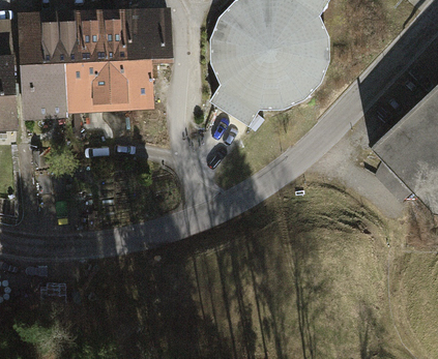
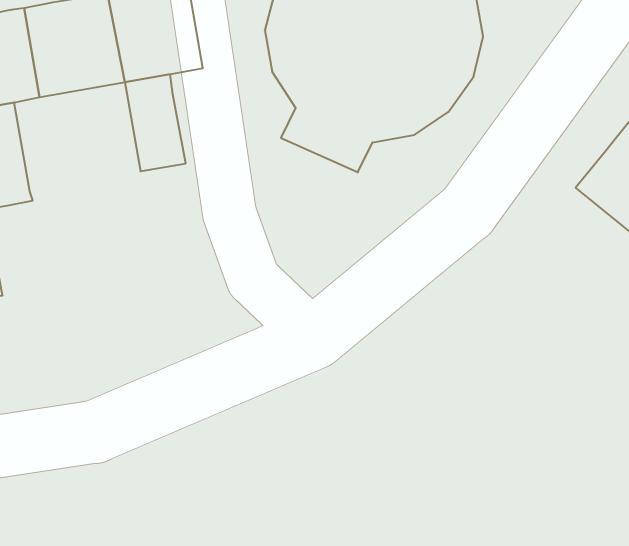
building: [65,58,130,112] -> none

